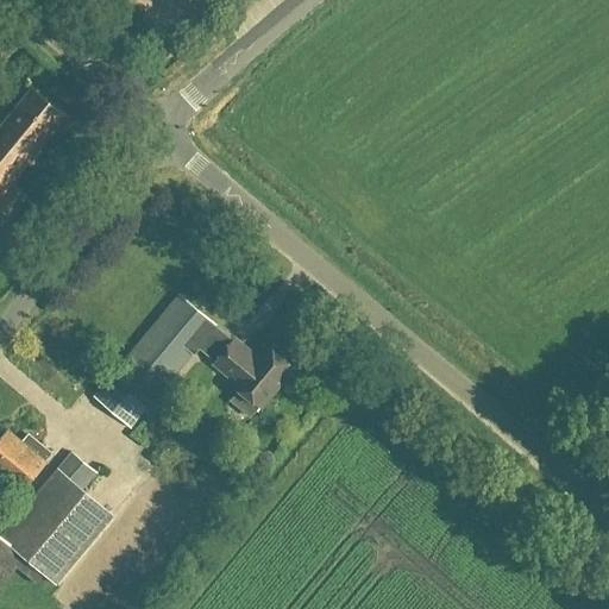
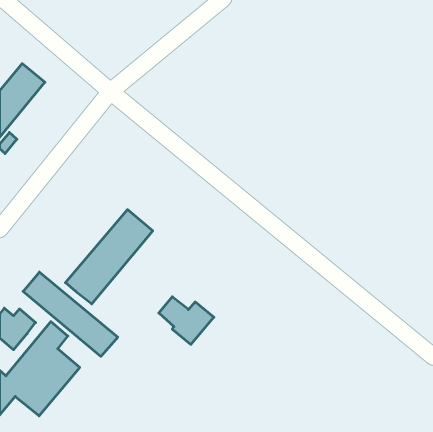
building: [214,339,291,406] -> [159,297,214,344]
building: none -> [23,272,118,356]

